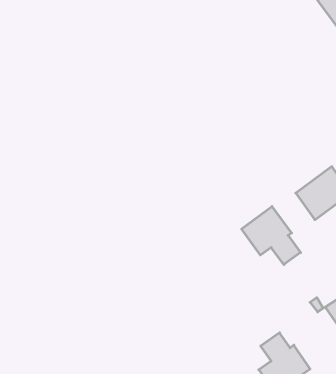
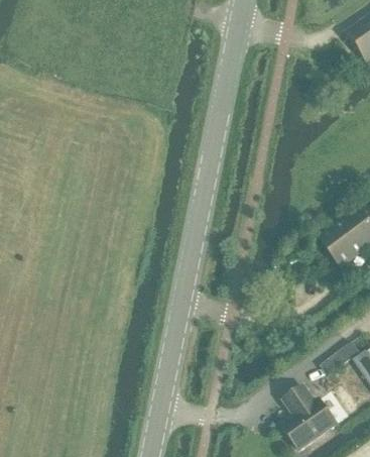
building: [242,206,301,265] -> none

